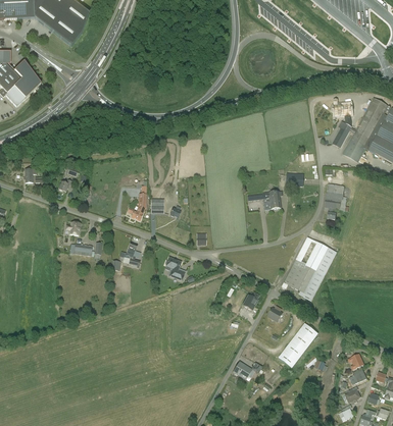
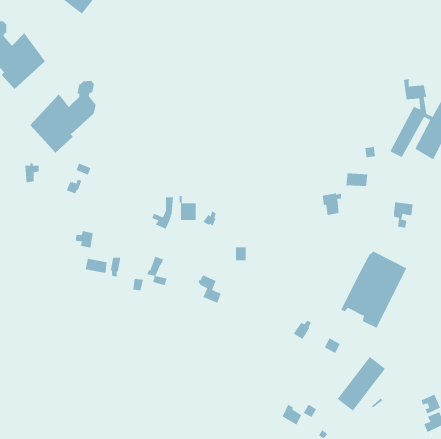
building: none -> [30,80,96,153]

